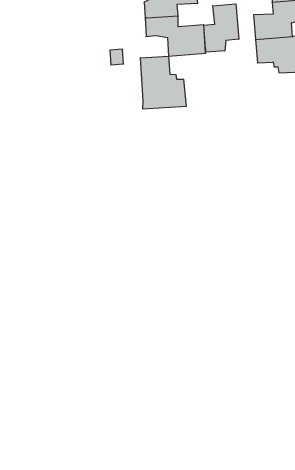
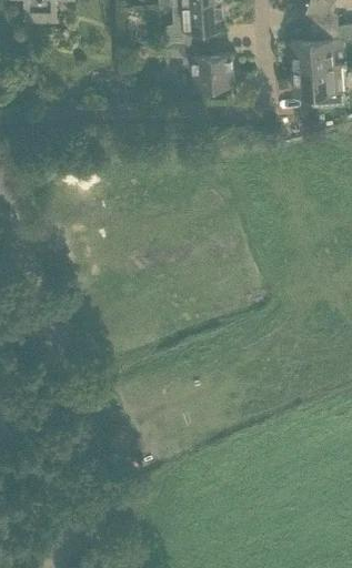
building: [204,4,239,52] -> none
building: [140,56,186,109] -> none

